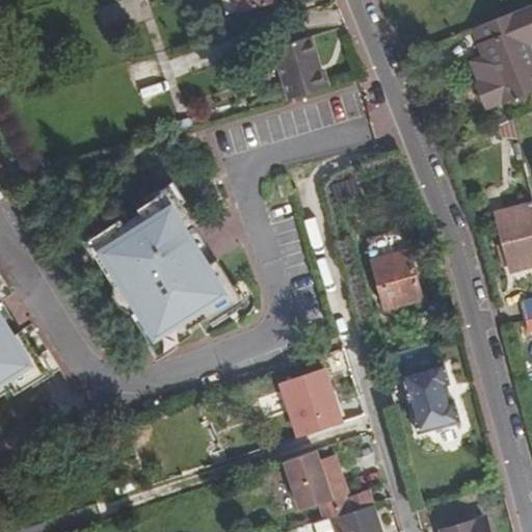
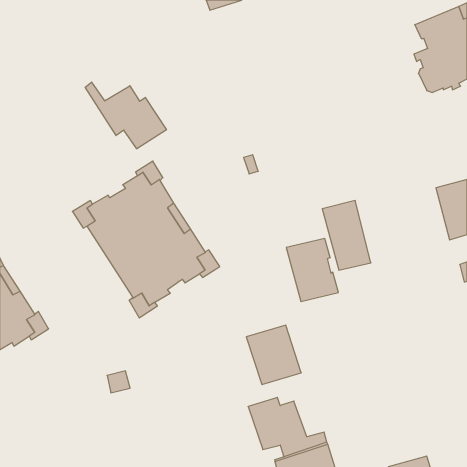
building: [273,38,324,101] -> none
building: none -> [85,82,166,149]
building: [399,362,458,433] -> [286,238,338,302]

